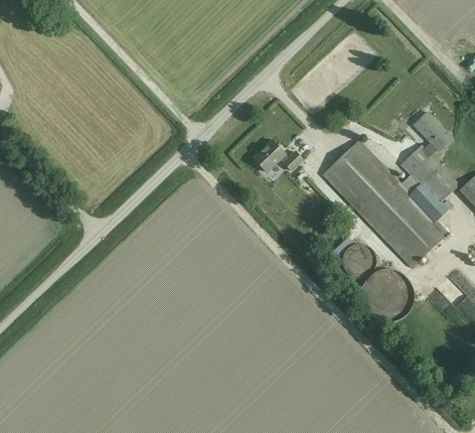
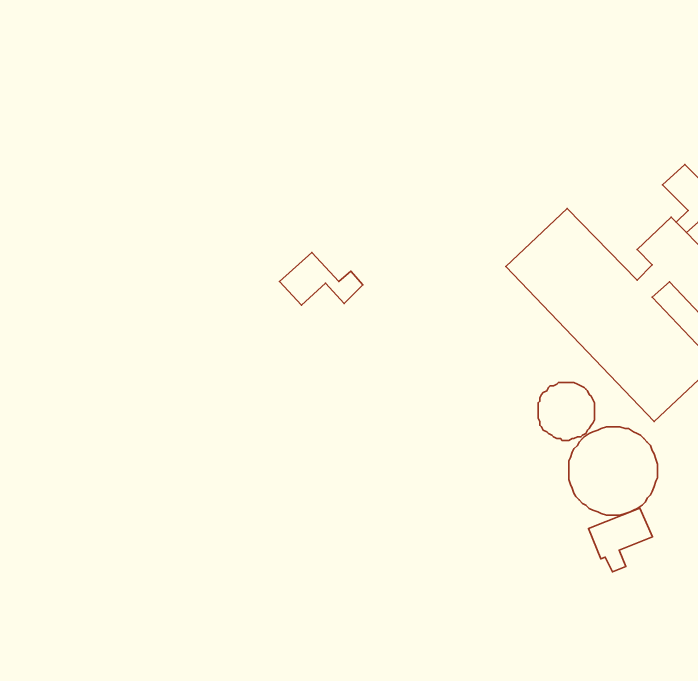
building: [253,141,302,172] -> [279,252,363,305]
building: none -> [589,508,653,572]

